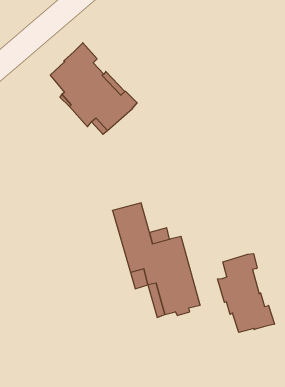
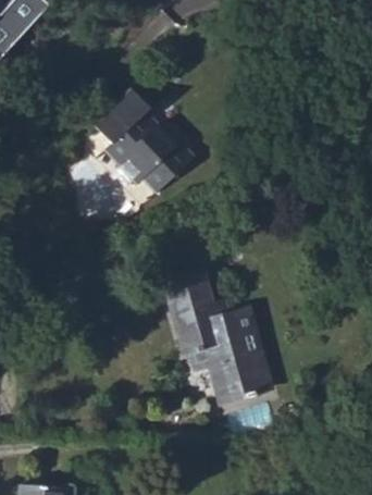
building: [218,254,274,332] -> none

